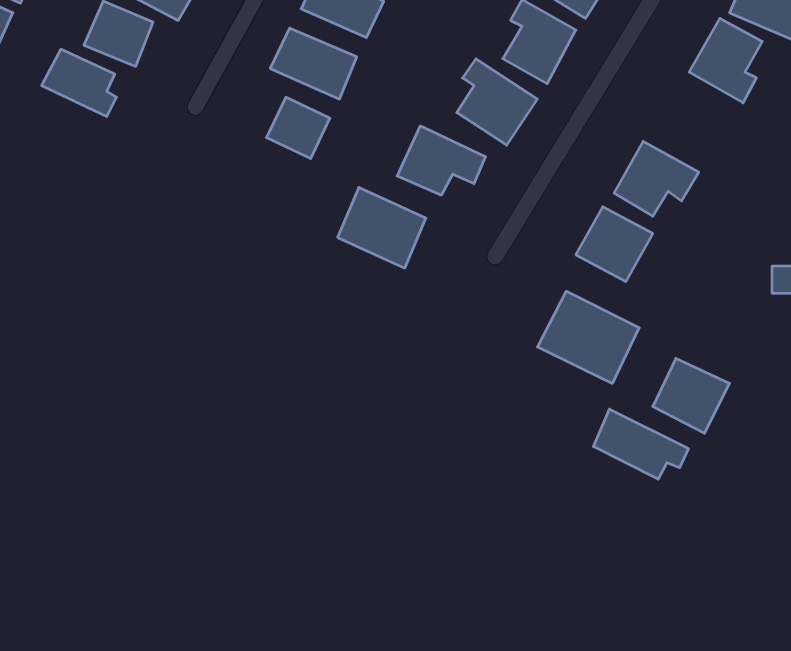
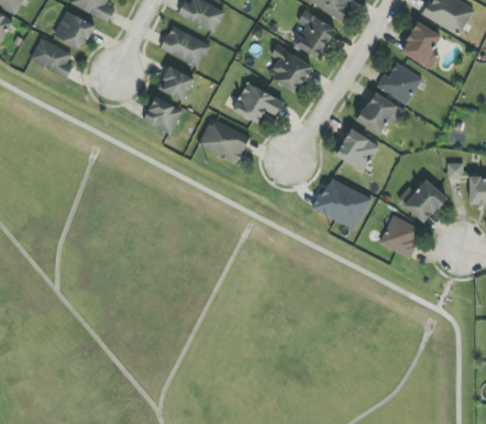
building: none -> [378,60,423,104]
building: none -> [144,97,183,134]
building: none -> [397,179,448,223]
building: [593,409,688,479] -> none

